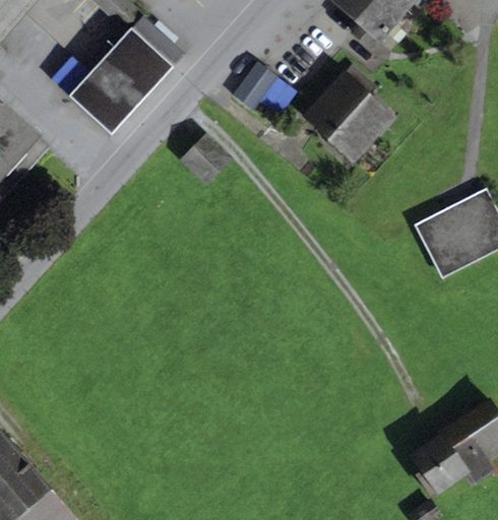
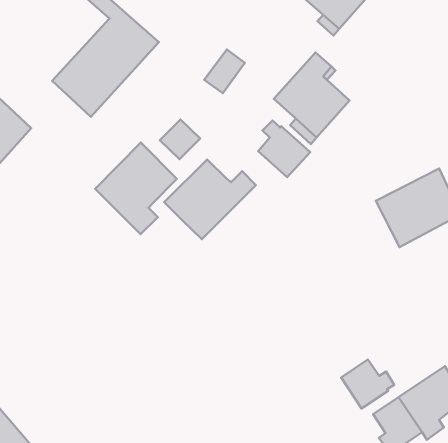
building: none -> [258,121,310,177]
building: none -> [95,143,177,234]
building: none -> [164,159,256,239]
building: none -> [341,359,394,409]

